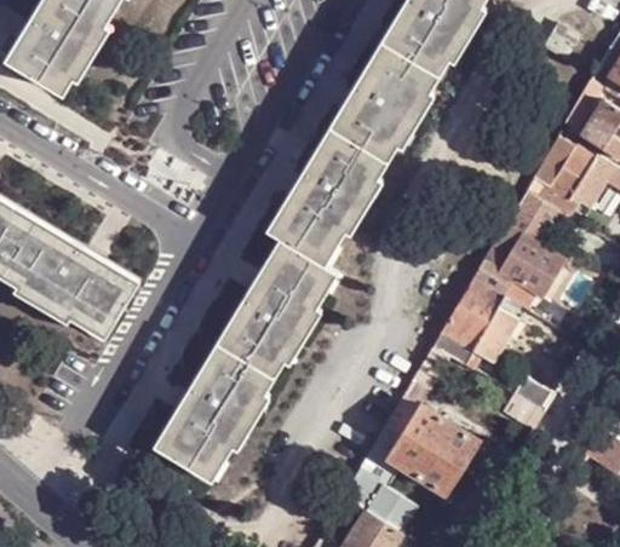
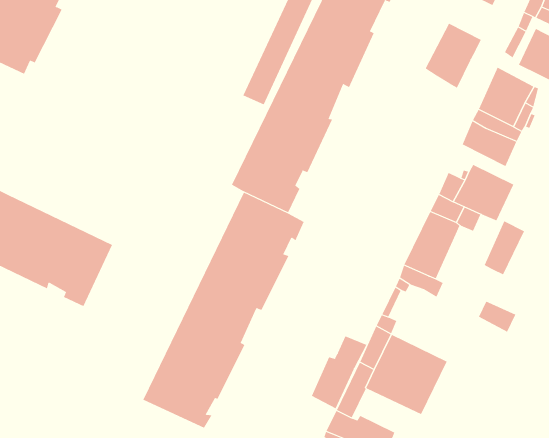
building: none -> [425,23,481,89]
building: [473,306,519,363] -> [484,220,525,275]
building: none -> [311,335,367,409]

